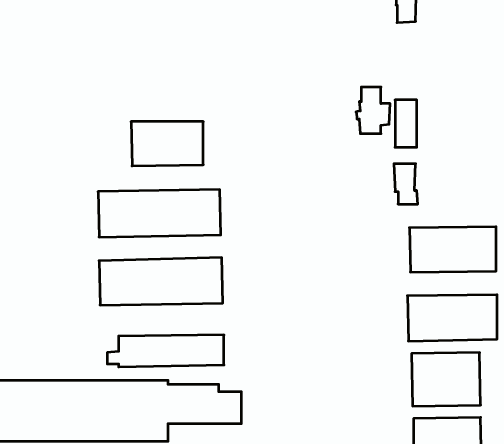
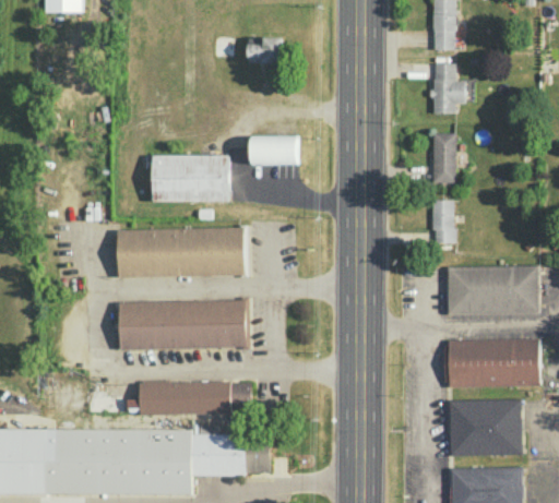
building: none -> [249,37,285,63]
building: [356,87,390,134] -> [429,63,465,112]
building: none -> [252,135,298,165]

